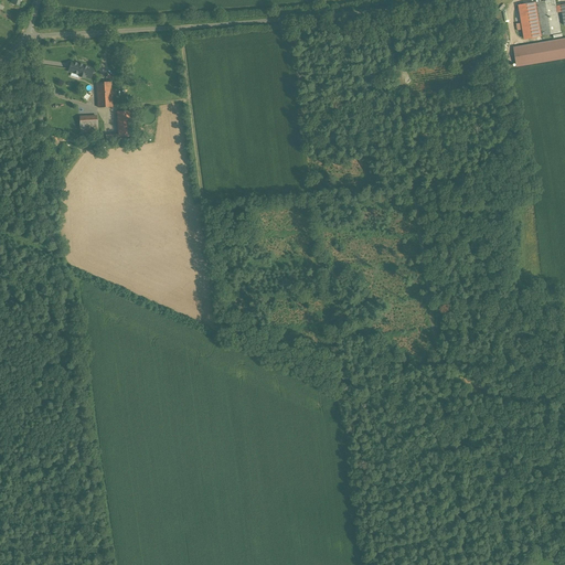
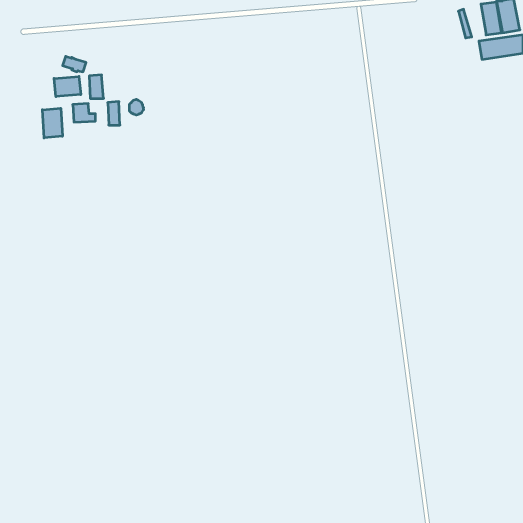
building: none -> [54,76,81,97]
building: none -> [42,108,62,138]

